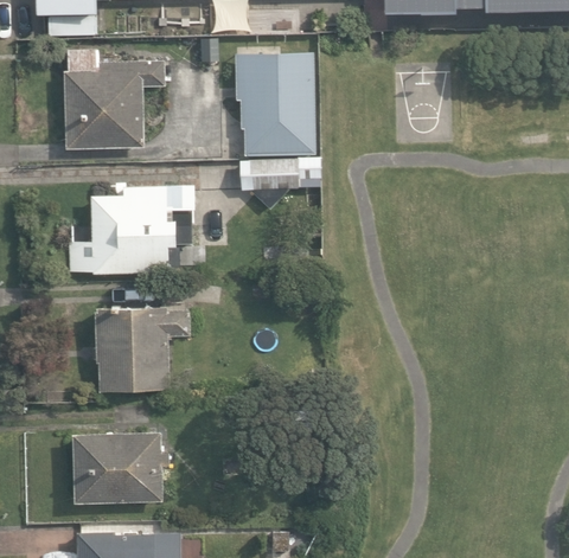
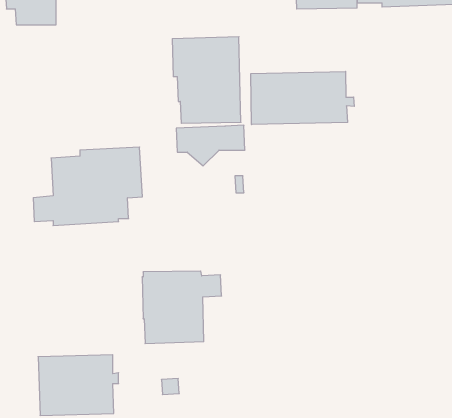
building: [64,47,165,148] -> none
building: none -> [251,71,354,125]
building: [96,302,191,389] -> [142,271,222,344]

